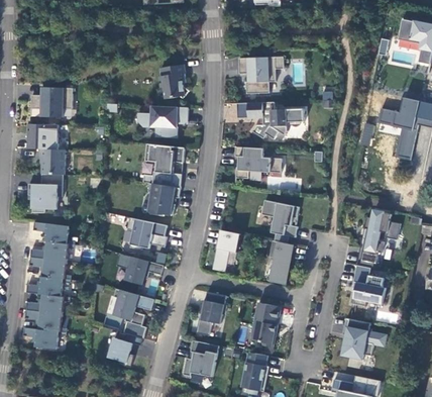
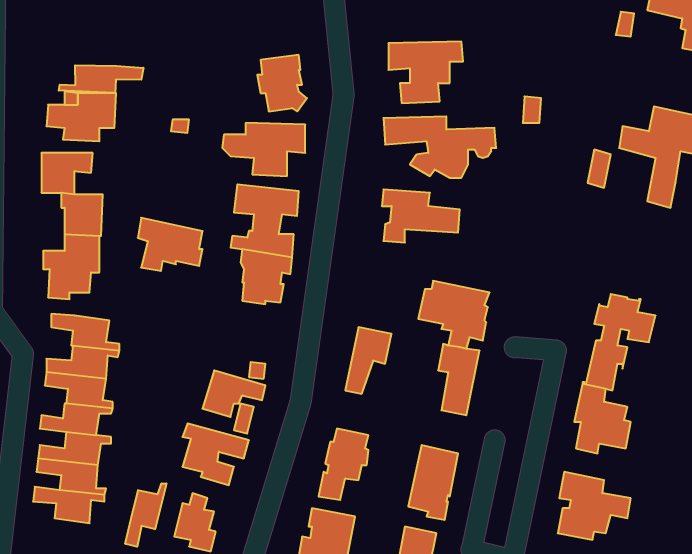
building: none -> [59,65,143,93]
building: [127,217,167,250] -> [138,218,203,271]
building: none -> [125,483,166,547]

